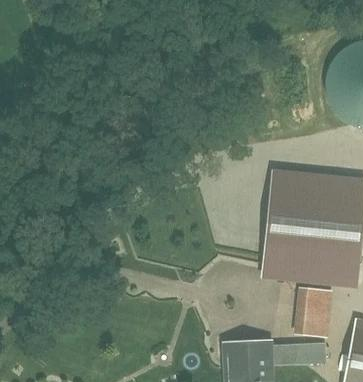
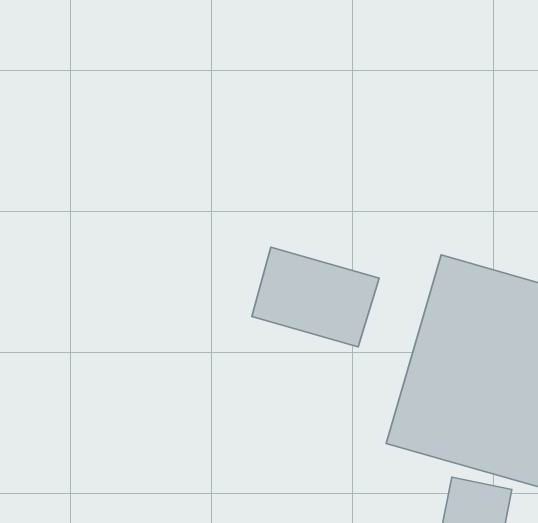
building: none -> [252,247,379,347]

